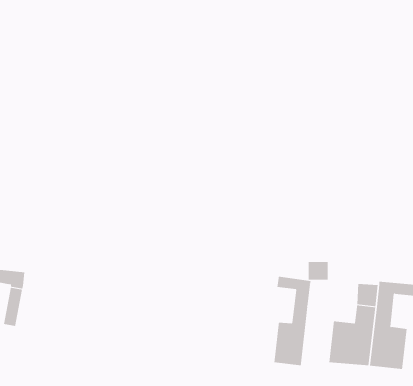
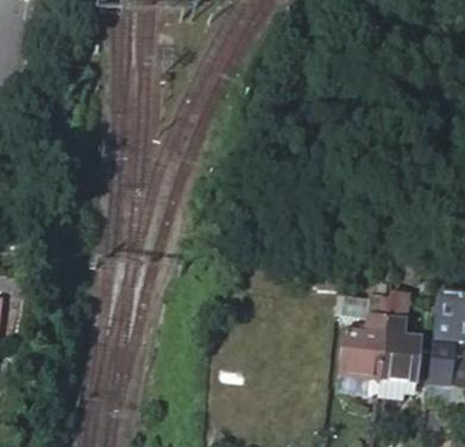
building: [274,276,311,366] -> none

